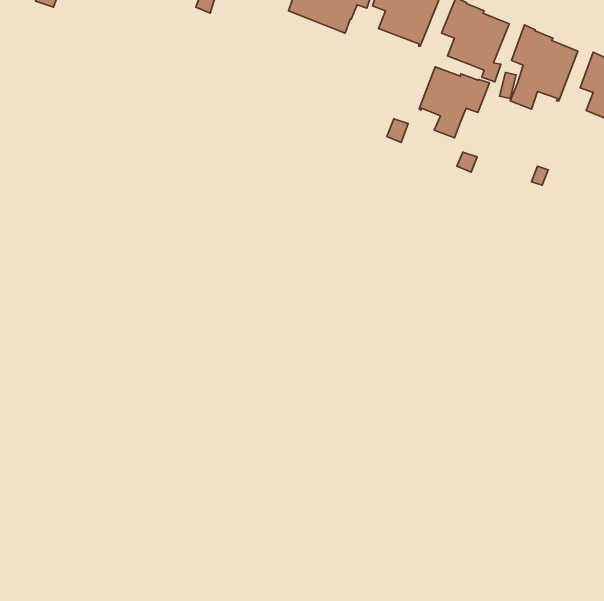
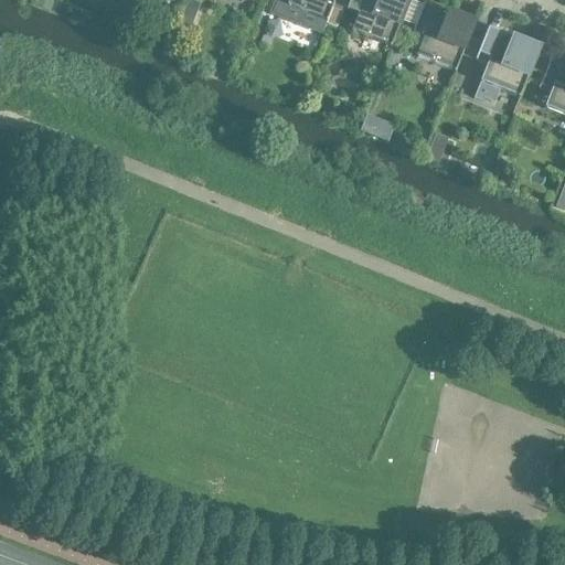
building: [419,67,490,138] -> none

